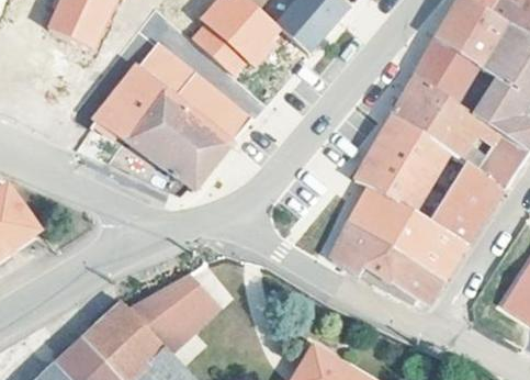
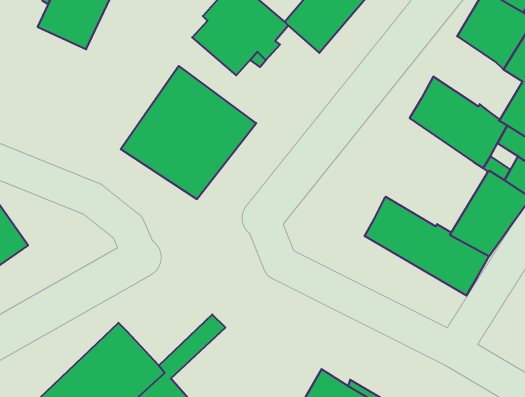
building: [414,37,476,104] -> none
building: [97,46,179,142] -> none
building: [353,113,451,213] -> none
building: [331,222,444,303] -> none
building: [129,272,210,342] -> none

